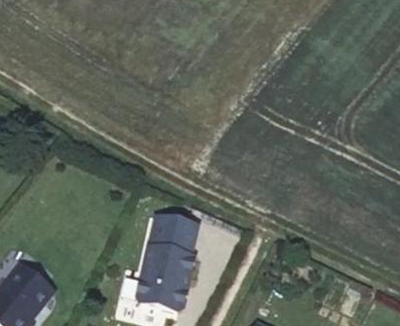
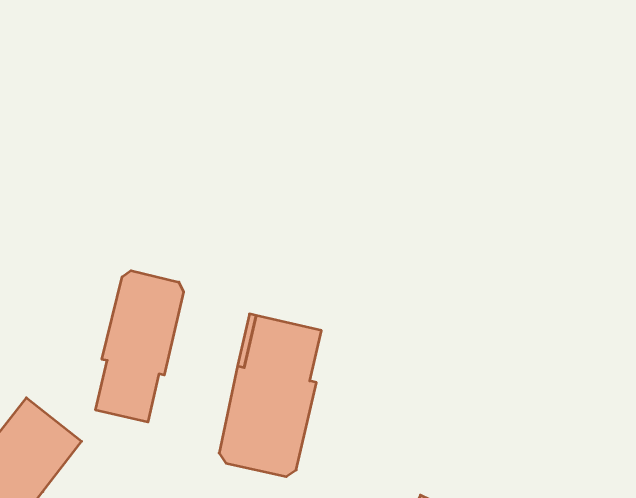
building: none -> [96,271,184,422]

